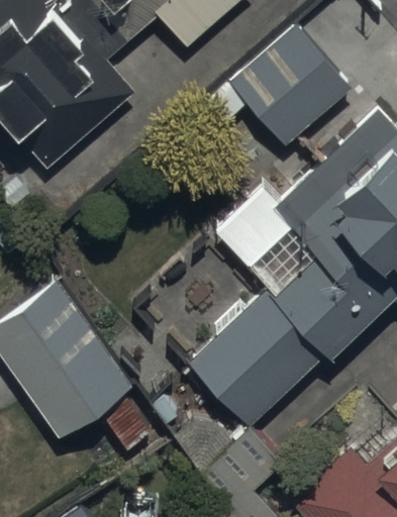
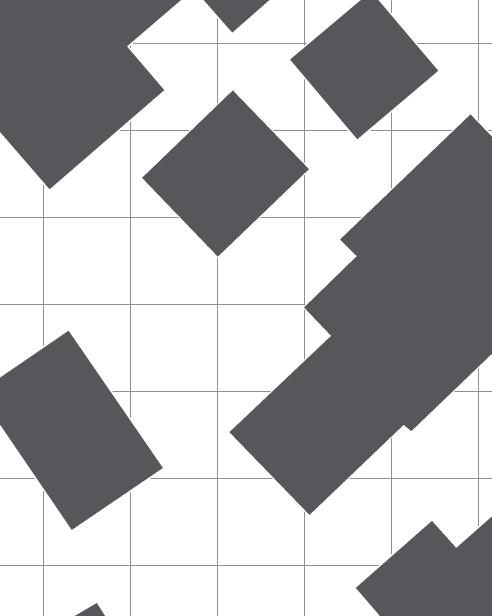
building: none -> [141,89,310,257]

